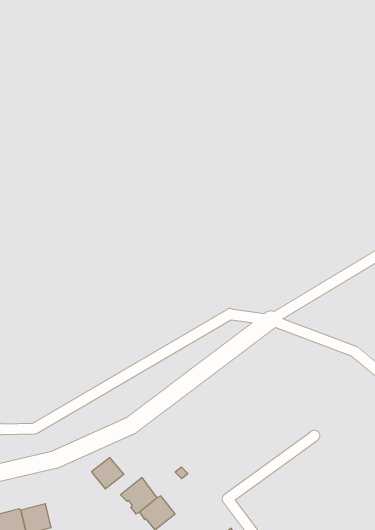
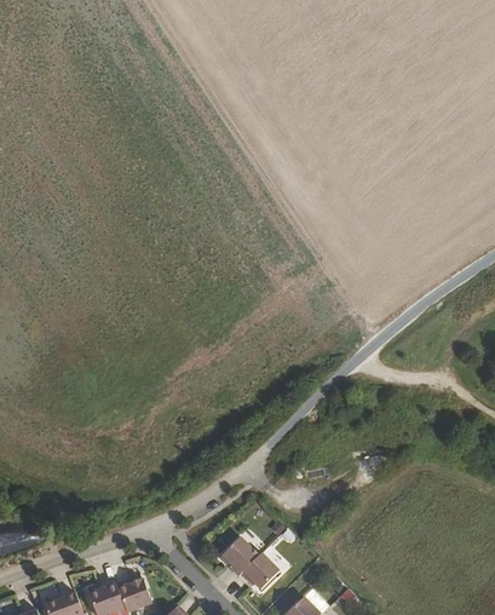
building: [92,458,124,489] -> none

